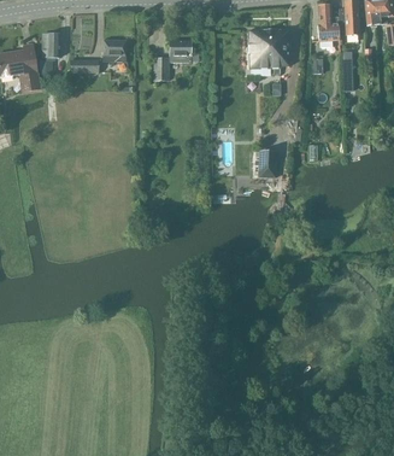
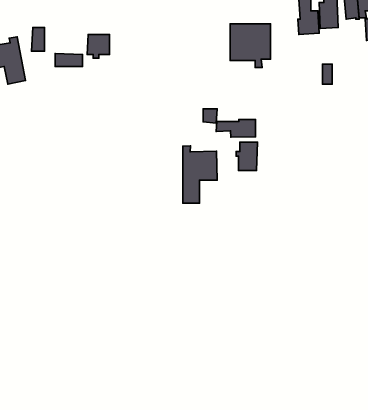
building: [157,40,190,80] -> none
building: none -> [216,119,256,137]
building: none -> [183,146,217,203]

